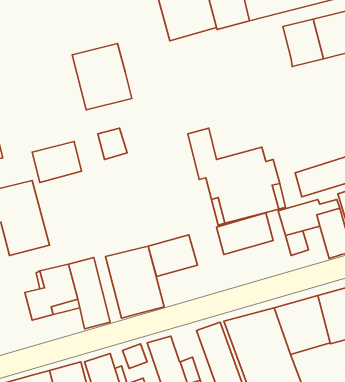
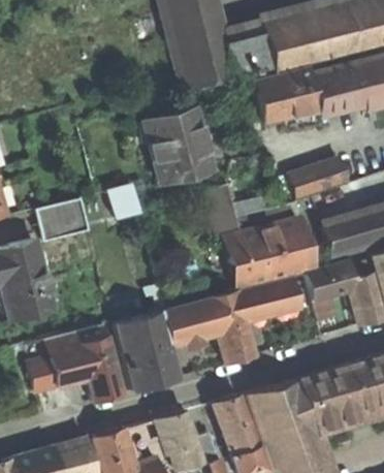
building: none -> [254,67,319,123]
building: [72,43,132,110] -> [146,109,211,182]
building: none -> [290,158,350,202]
building: none -> [207,292,255,366]

